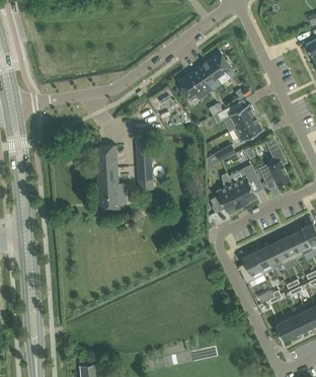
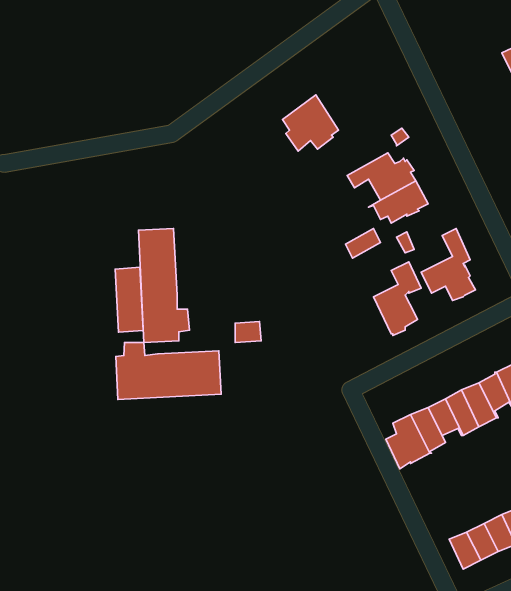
building: [198,54,231,89] -> none
building: [136,144,152,181] -> [115,267,143,332]
building: [210,185,241,215] -> none
building: none -> [116,342,221,400]

